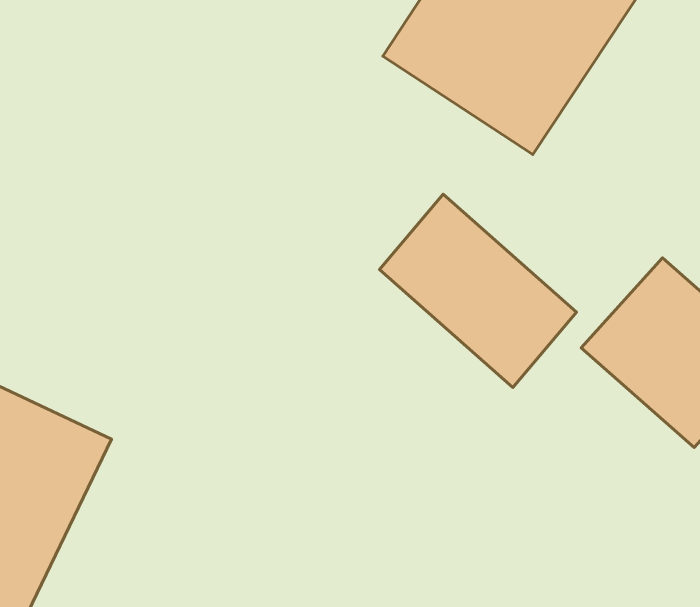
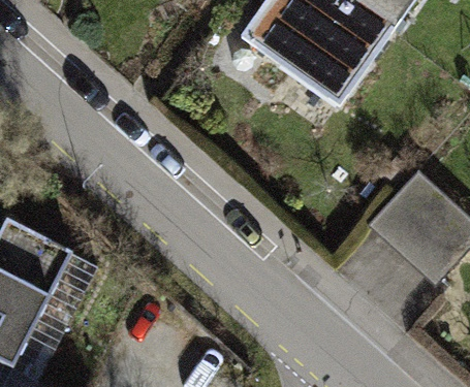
building: [379,194,577,387] -> none

